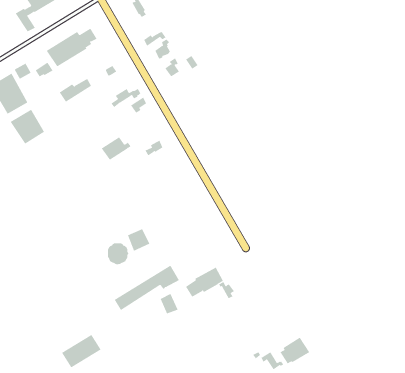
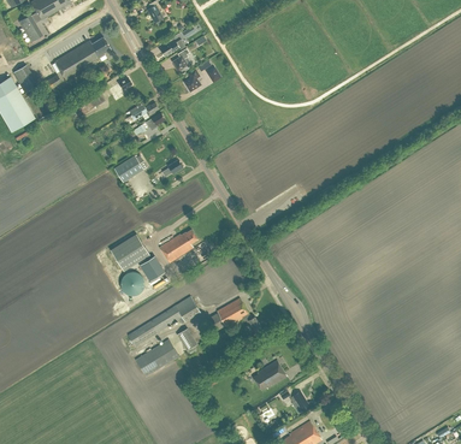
building: [10,109,45,144] -> none
building: none -> [159,229,197,262]
building: none -> [111,233,149,271]
building: [61,334,102,368] -> [134,338,178,375]
building: [279,337,310,364] -> [253,360,286,390]

